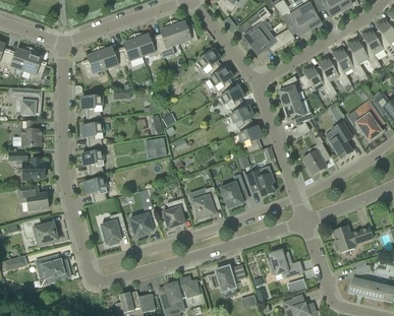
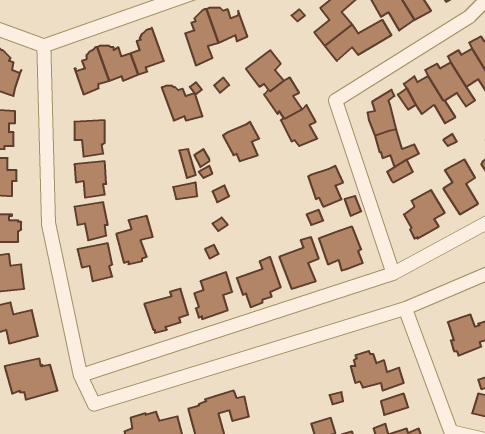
building: [133,33,161,56] -> [162,86,203,121]
building: [229,106,254,132] -> [223,122,259,161]
building: [101,212,125,245] -> [116,216,153,264]
building: [205,264,245,292] -> none

